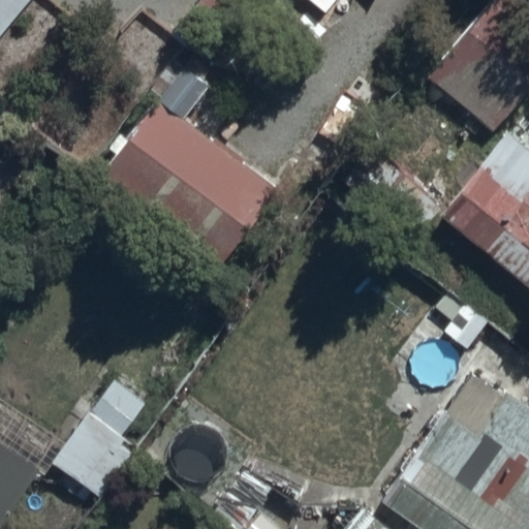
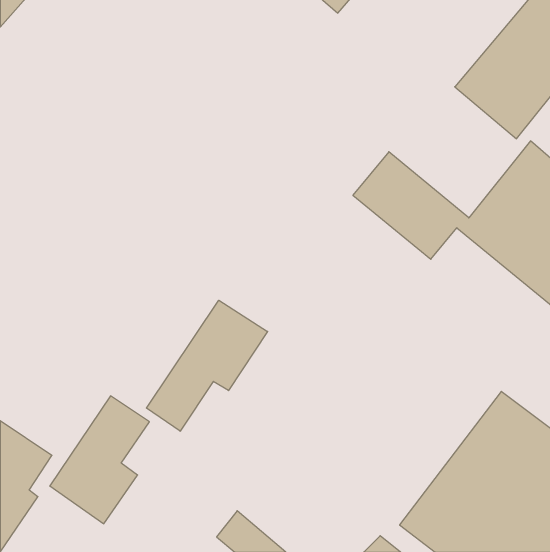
building: [97,66,279,269] -> none
building: none -> [146,300,268,431]

